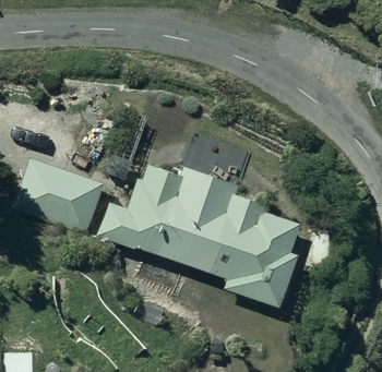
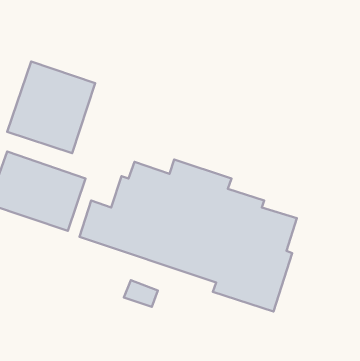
building: none -> [7,61,95,153]

